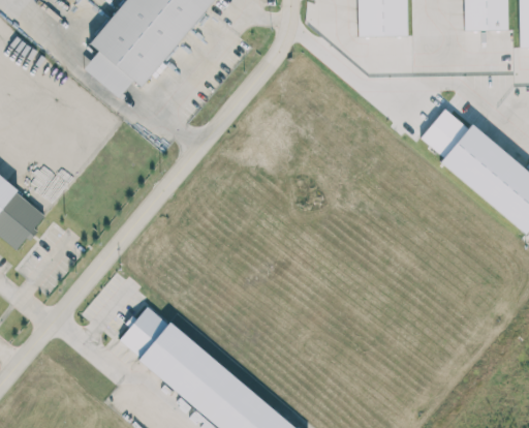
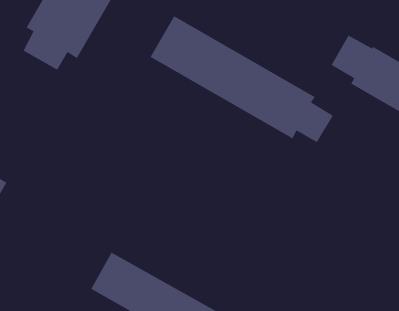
building: none -> [149,15,334,143]

